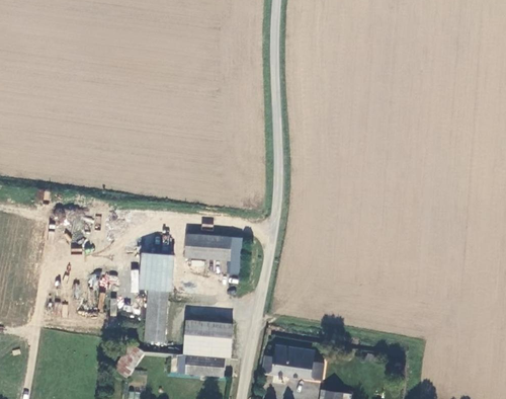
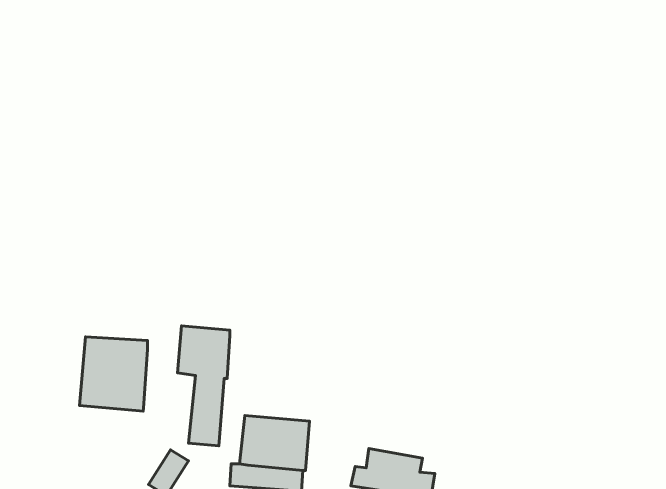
building: [183,234,243,274] -> none
building: none -> [80,337,148,411]

